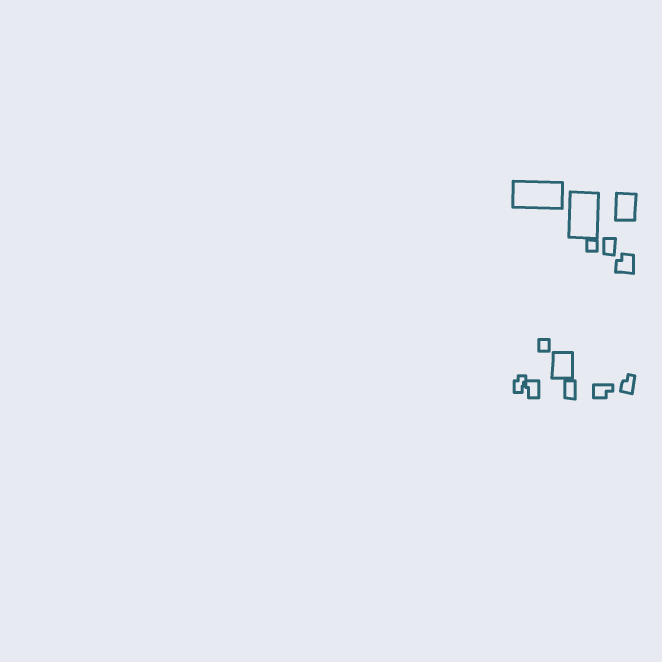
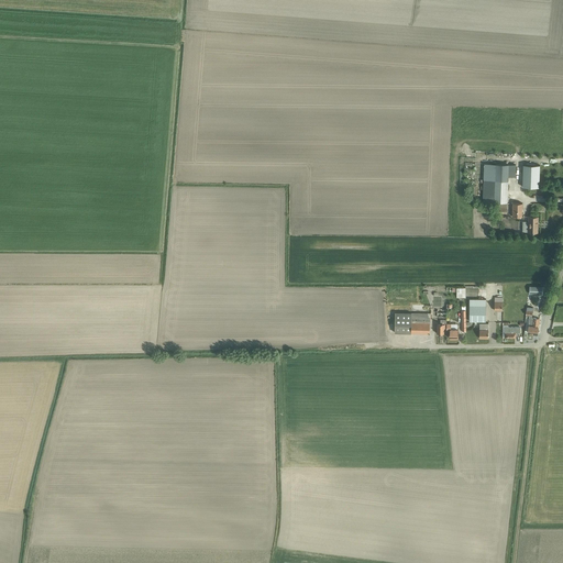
building: [513,181,562,209] -> none
building: none -> [394,309,430,333]

